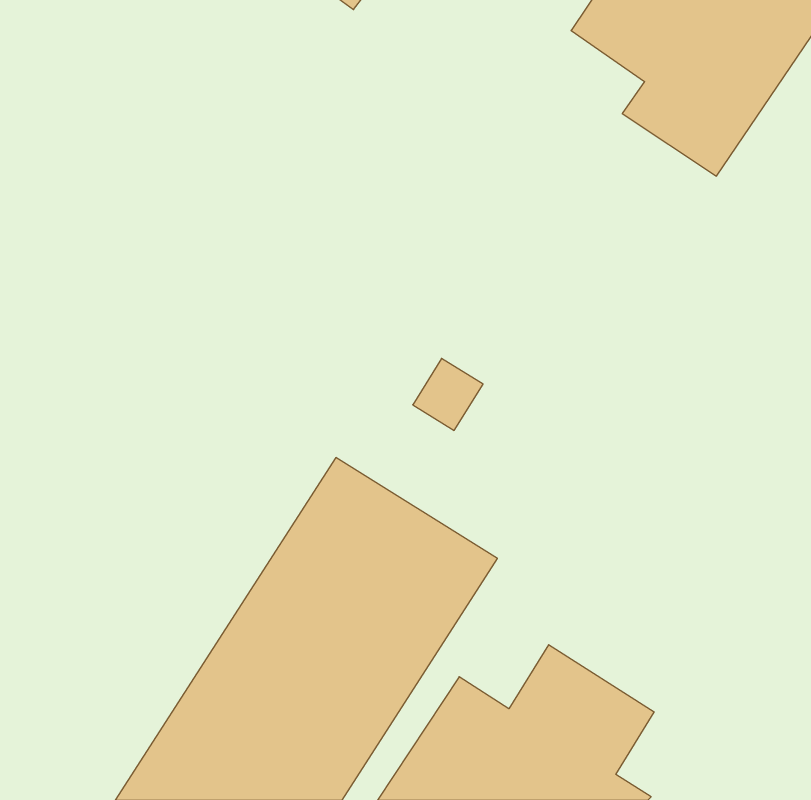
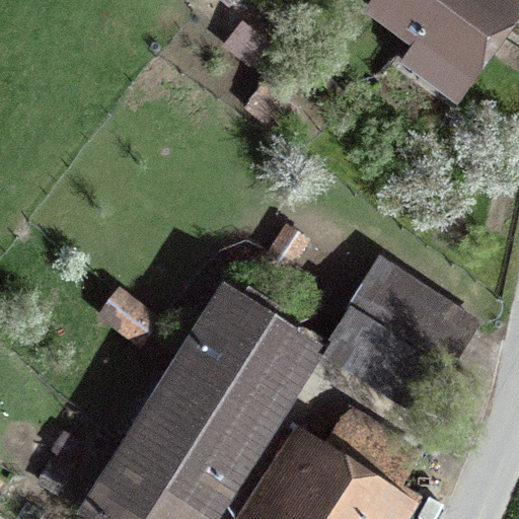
building: none -> [324,263,496,429]

